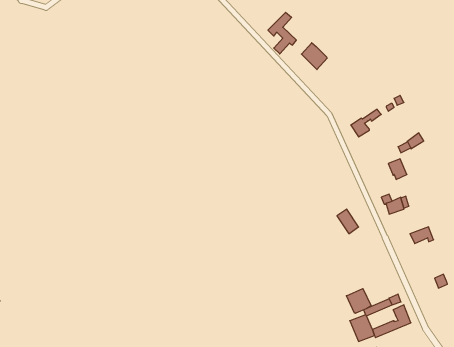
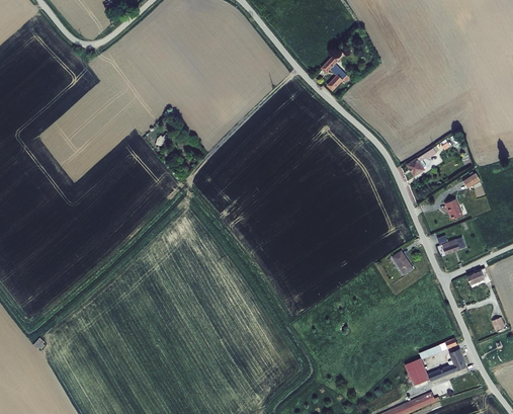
building: [301,43,327,70] -> none
building: [346,289,371,313] -> none

